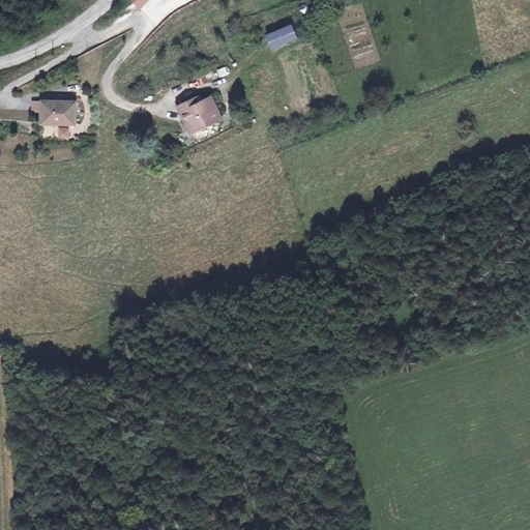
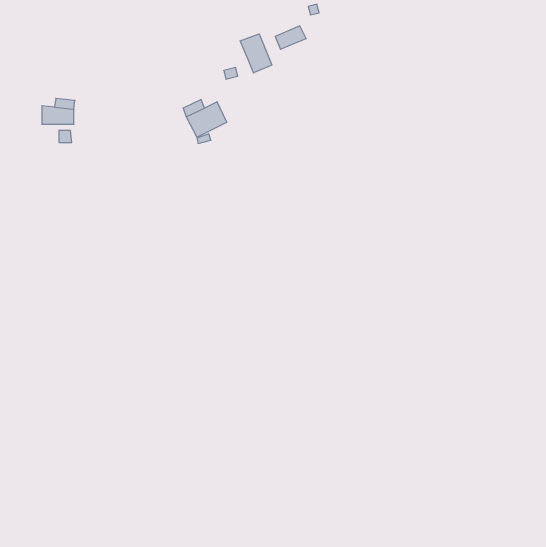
building: none -> [240,34,272,73]

